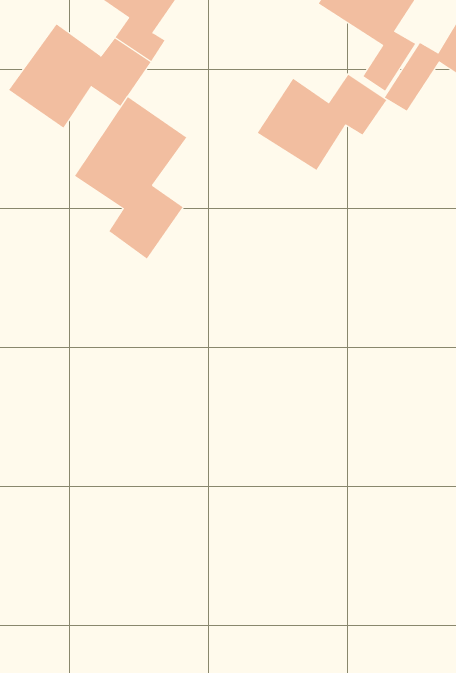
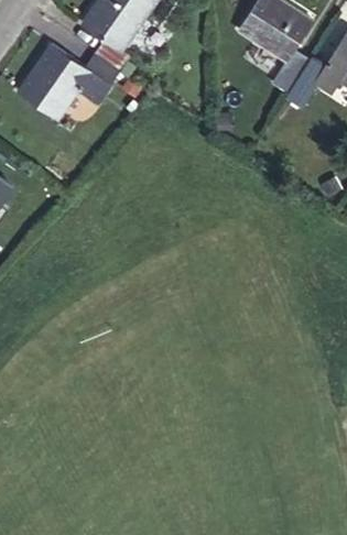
building: [257,74,387,171] -> none
building: [74,96,187,259] -> none

